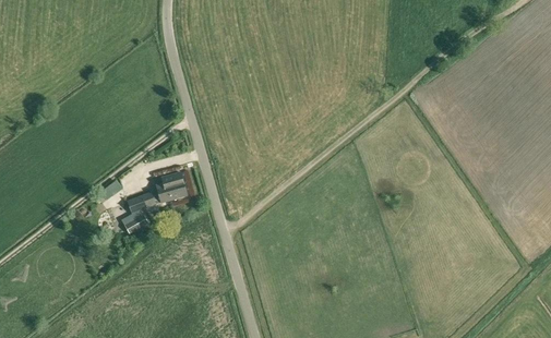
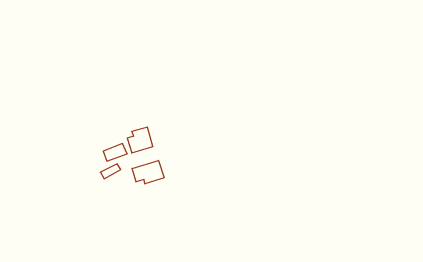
building: none -> [132,160,164,184]

